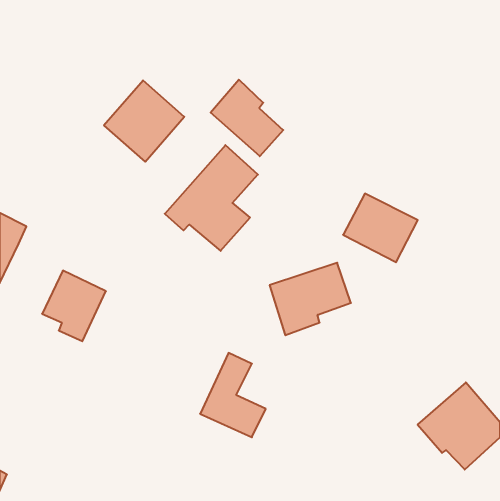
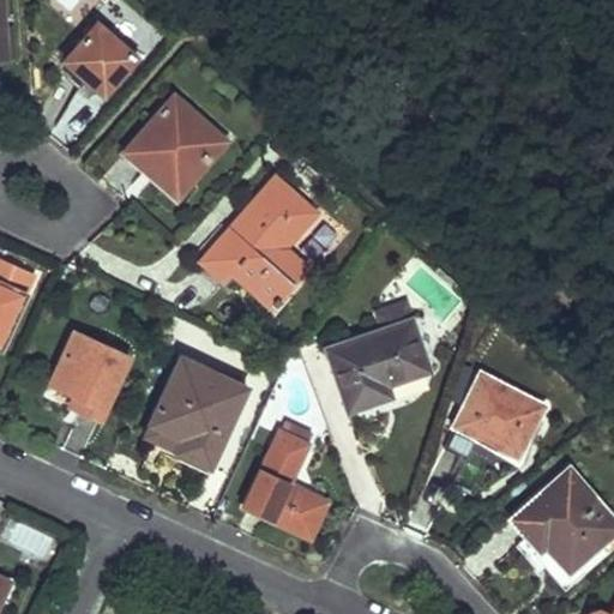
building: none -> [65,25,136,95]
building: [211,80,283,156] -> none
building: [343,194,418,262] -> [455,374,546,458]
building: none -> [152,359,248,465]

